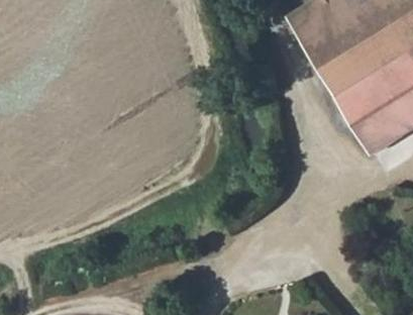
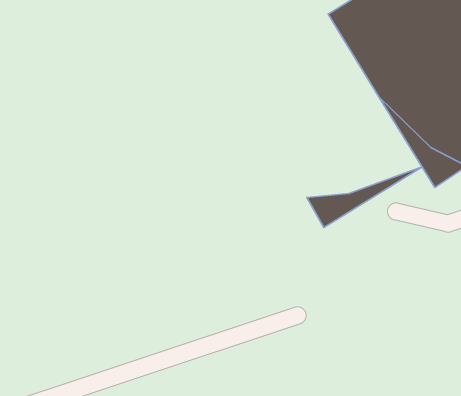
building: none -> [307,167,422,228]

